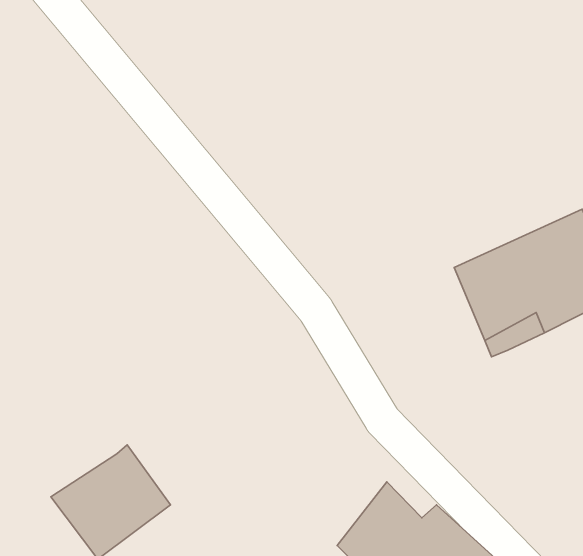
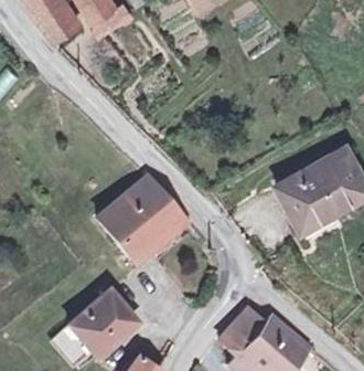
building: none -> [93,183,182,268]

